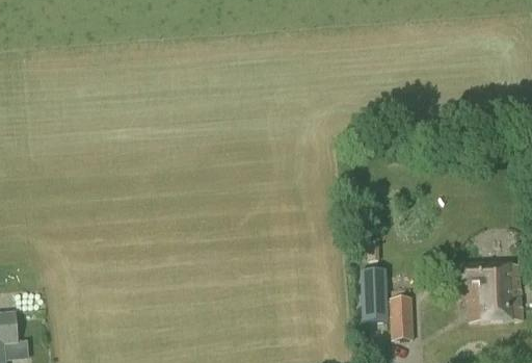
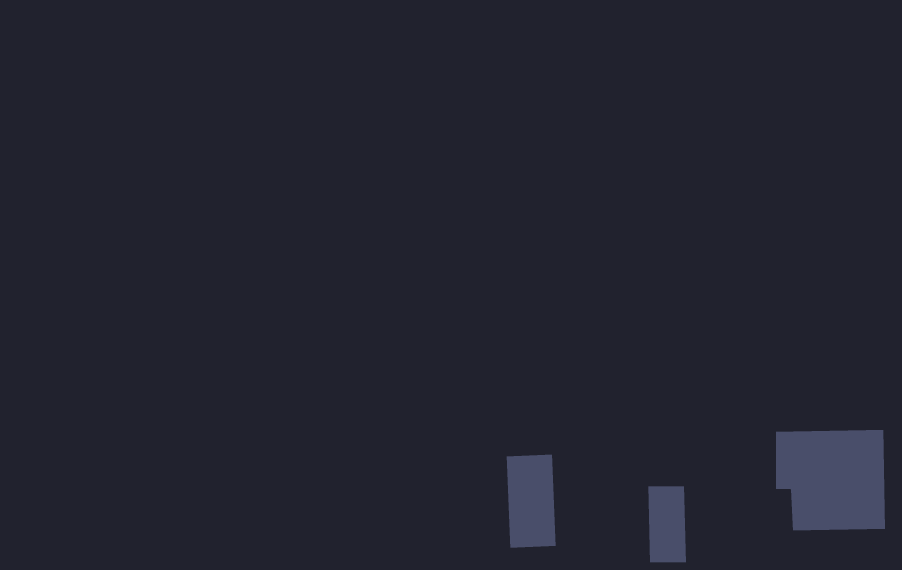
building: [358,269,387,321] -> [506,454,557,548]

